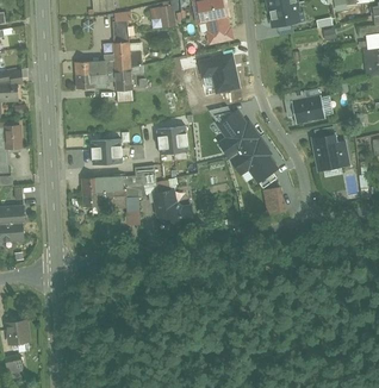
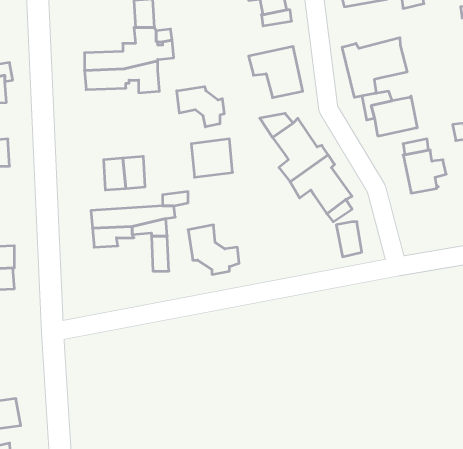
building: none -> [342,38,407,97]
building: none -> [177,87,224,127]

